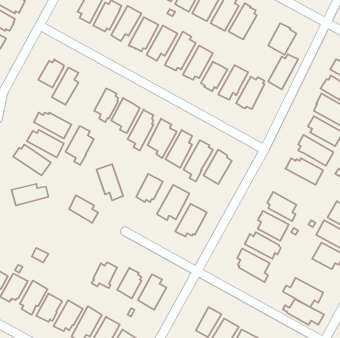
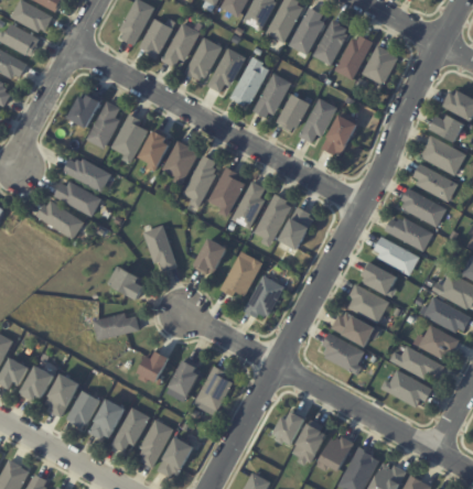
building: [268,54,298,89] -> [334,34,373,79]
building: [66,126,94,165] -> [110,113,147,163]
building: none -> [374,236,419,275]
building: [11,184,48,205] -> [92,313,139,340]
building: [283,299,324,325] -> [391,346,444,379]

